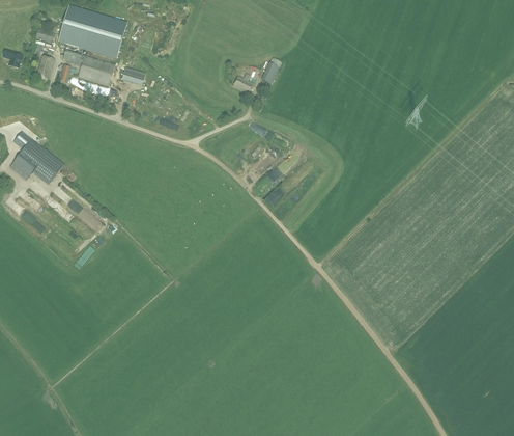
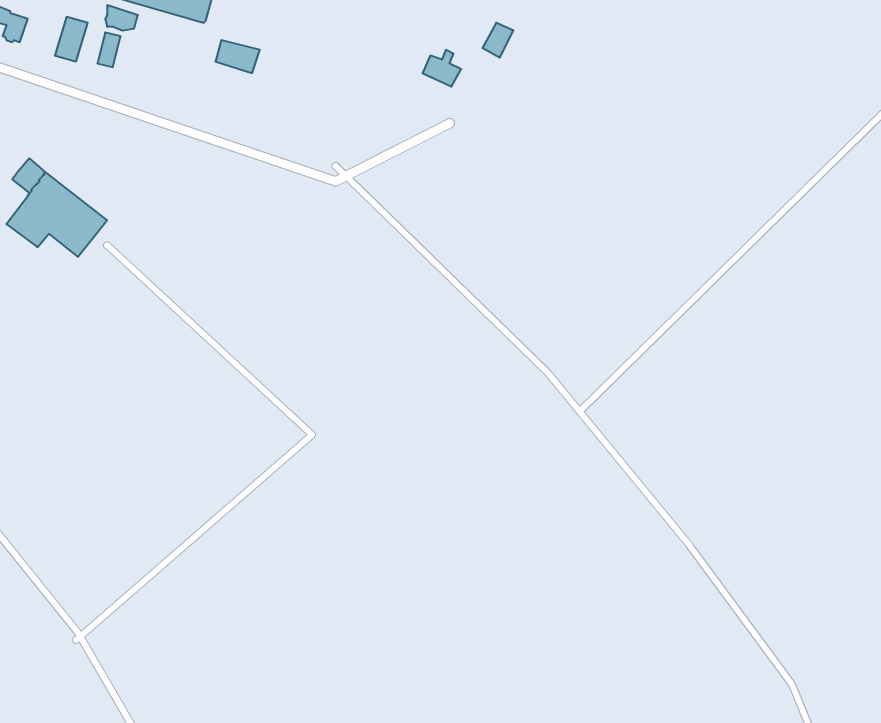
building: [78,55,114,85] -> none

